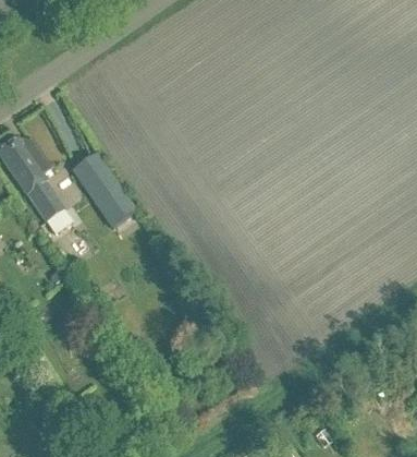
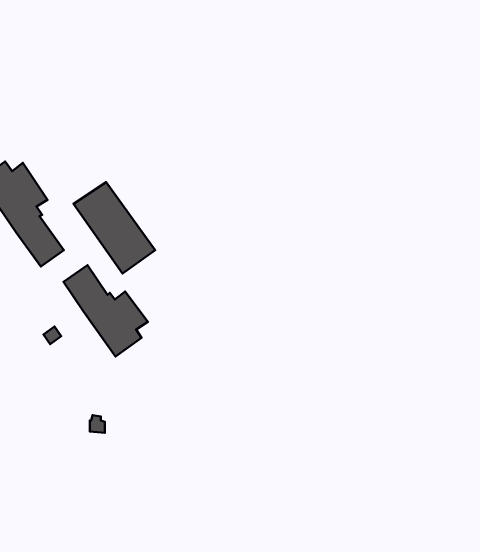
building: none -> [63,265,148,357]

